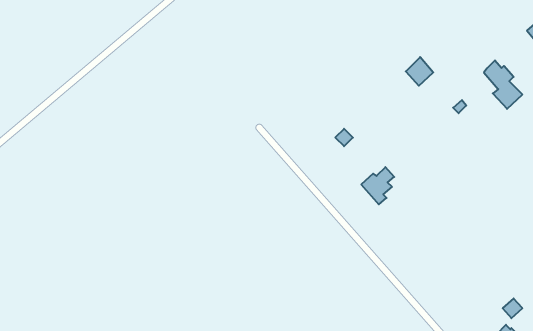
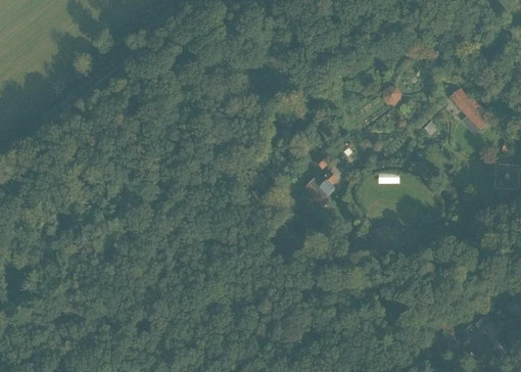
building: [361,167,394,204] -> [305,168,336,202]

